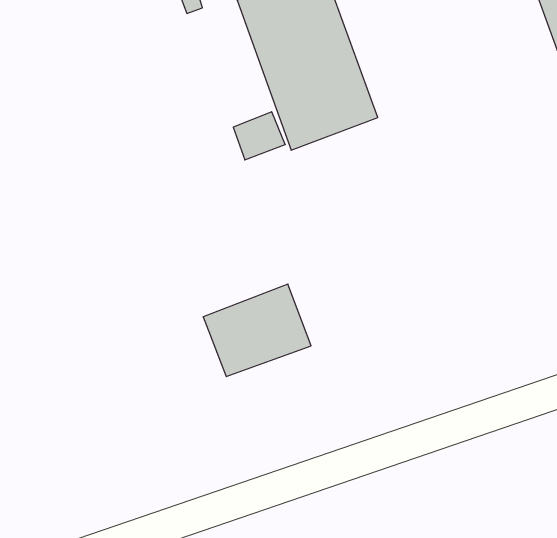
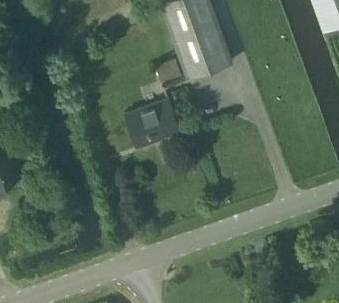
building: [203,284,311,377] -> [122,99,178,147]

